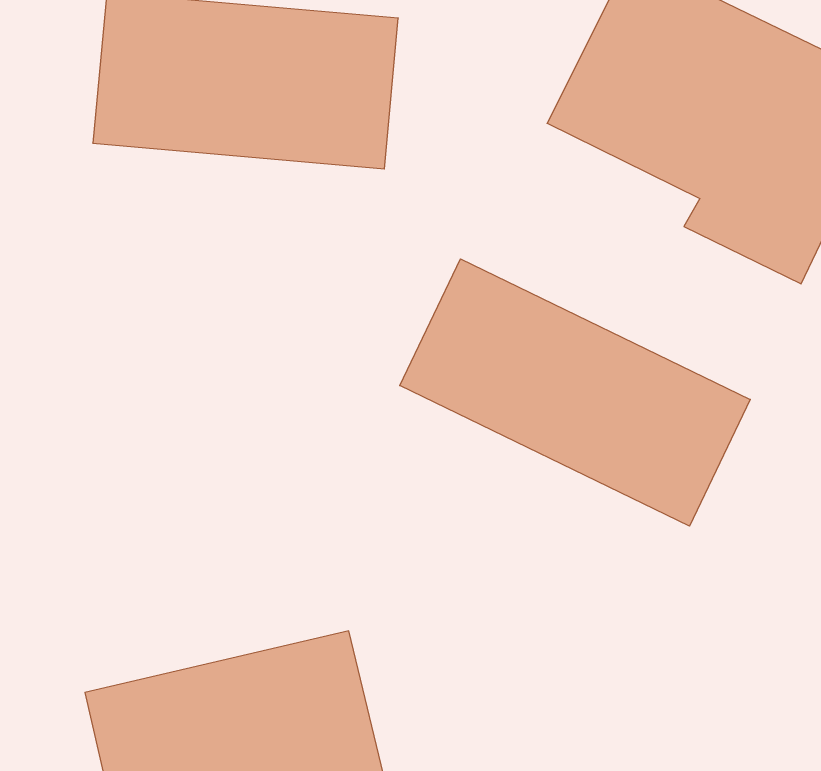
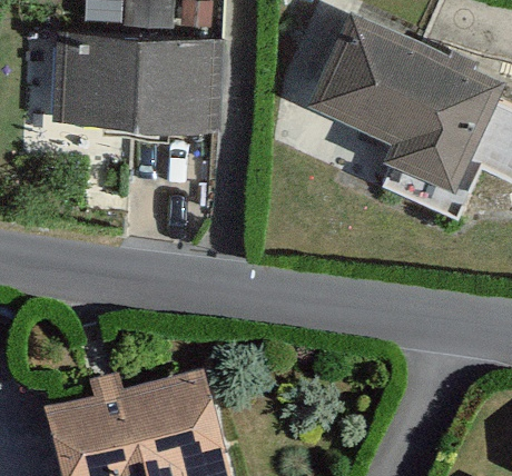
building: [400,259,750,526] -> none

